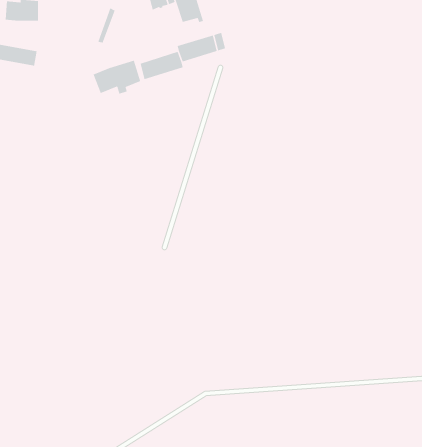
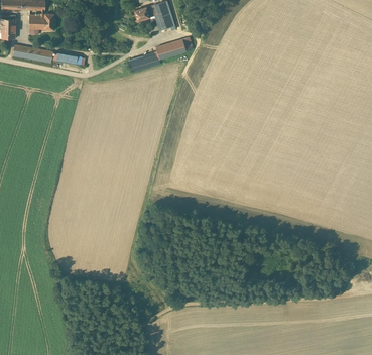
building: [93,60,141,94] -> none

